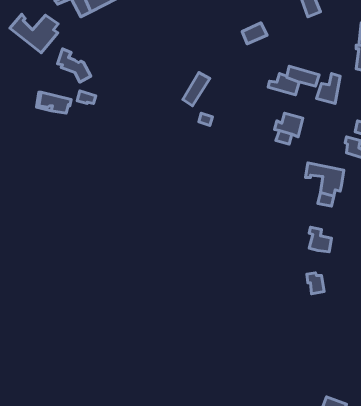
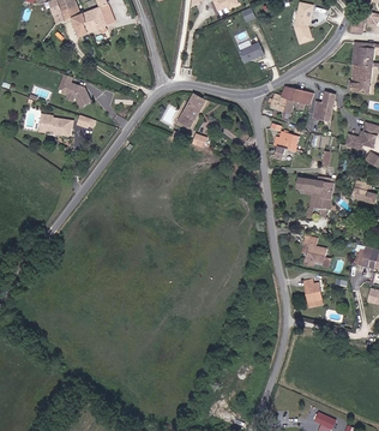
building: [10,14,58,53] -> none

